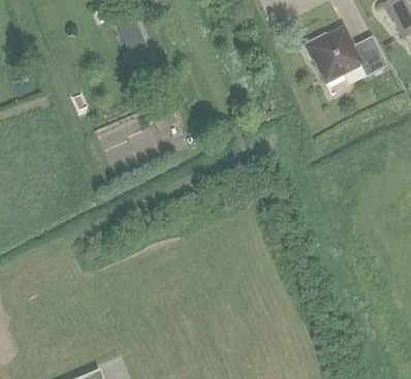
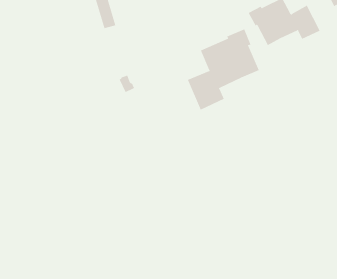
building: none -> [187,28,259,111]

